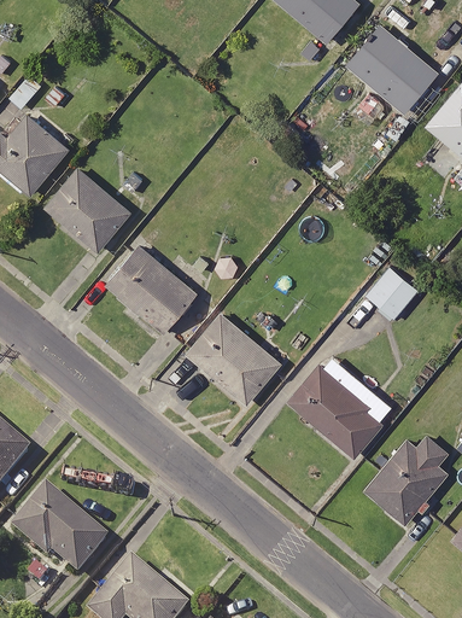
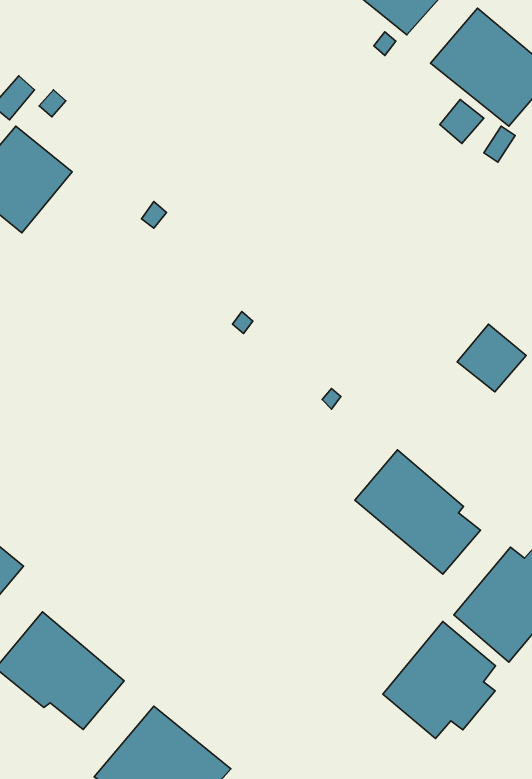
building: [43,167,133,252] -> none
building: [105,244,199,334] -> none
building: [186,311,283,406] -> none
building: none -> [383,622,496,738]

